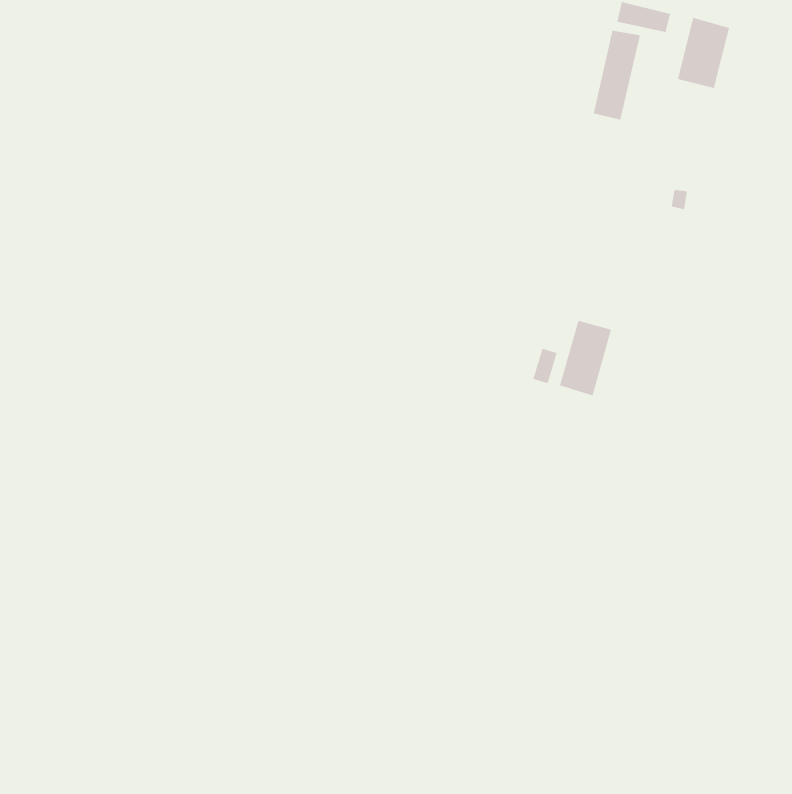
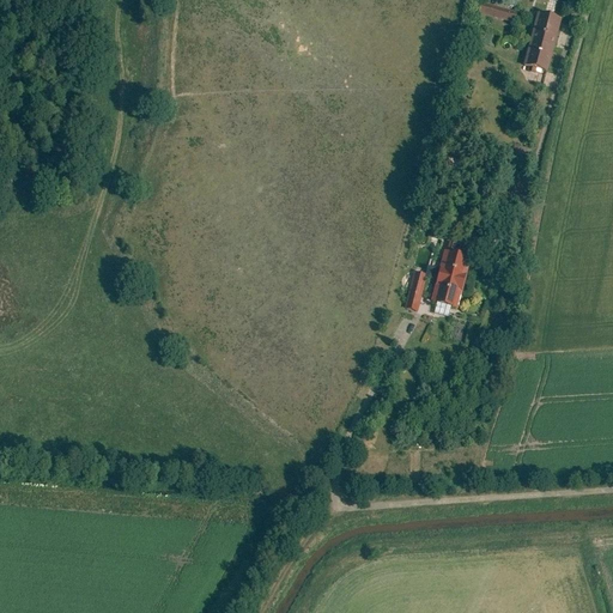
building: [593,30,640,120] -> none

